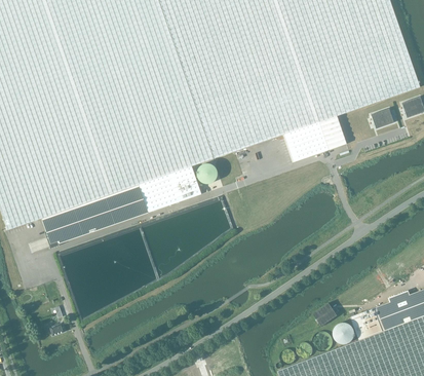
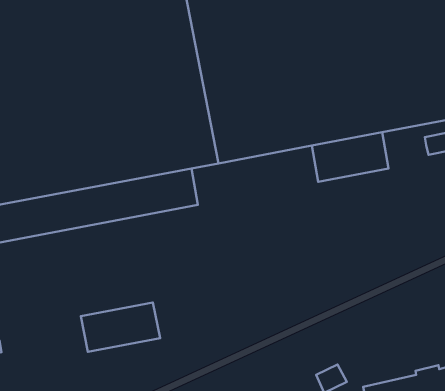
building: none -> [81,303,160,352]

